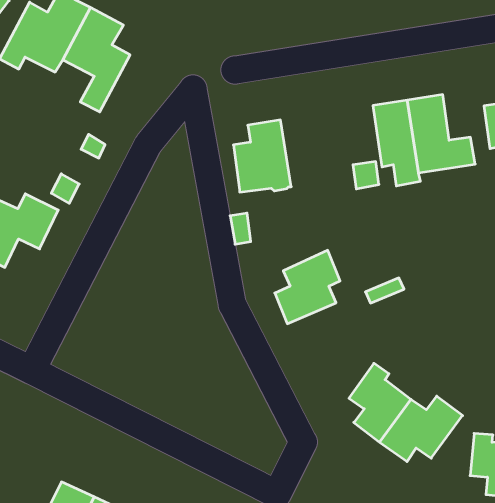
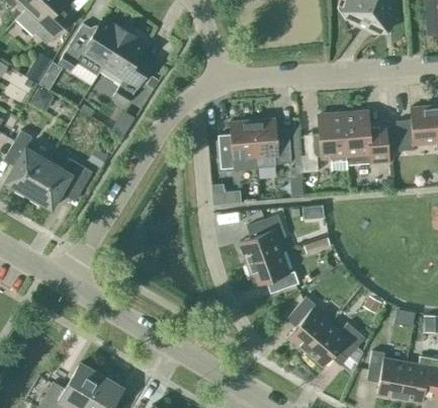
building: none -> [252,117,290,167]
building: none -> [246,251,297,293]

